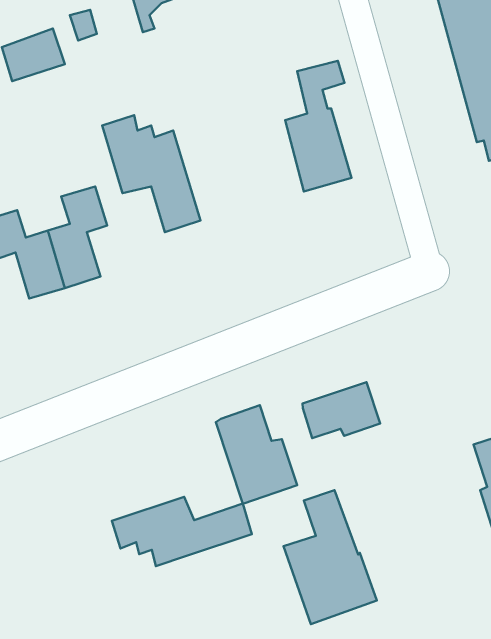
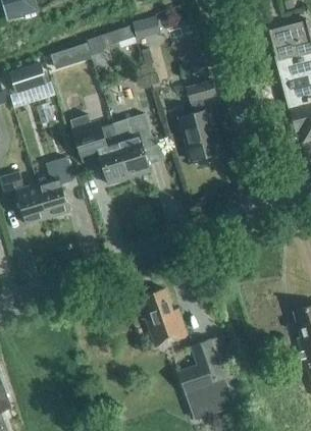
building: none -> [113,114,153,177]
building: [303,382,380,438] -> none
building: [112,497,252,566] -> none

